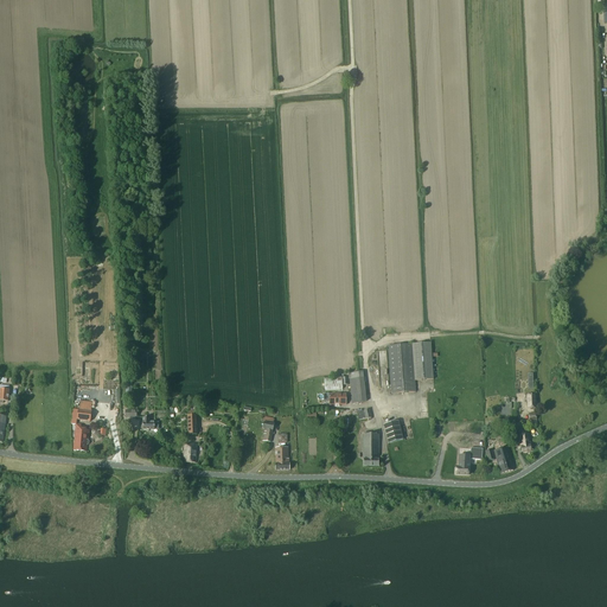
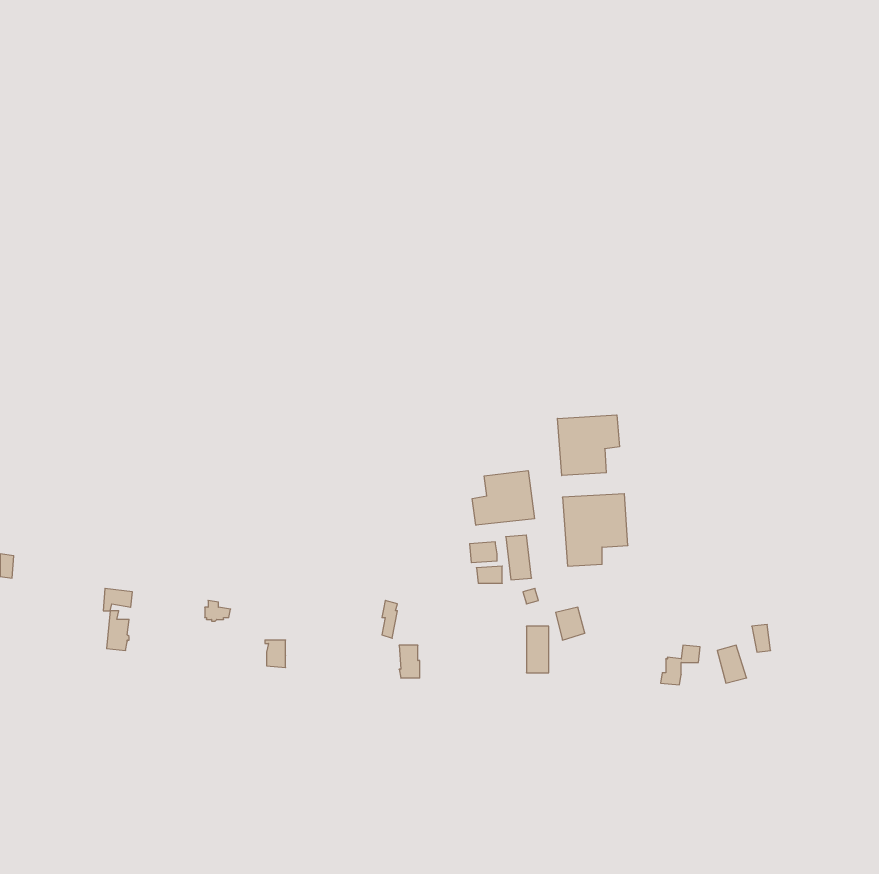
building: none -> [557,415,619,476]
building: none -> [472,471,534,525]

